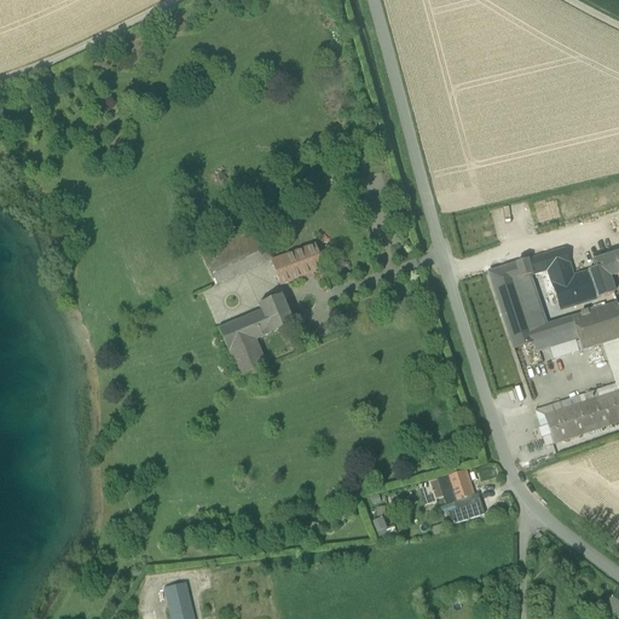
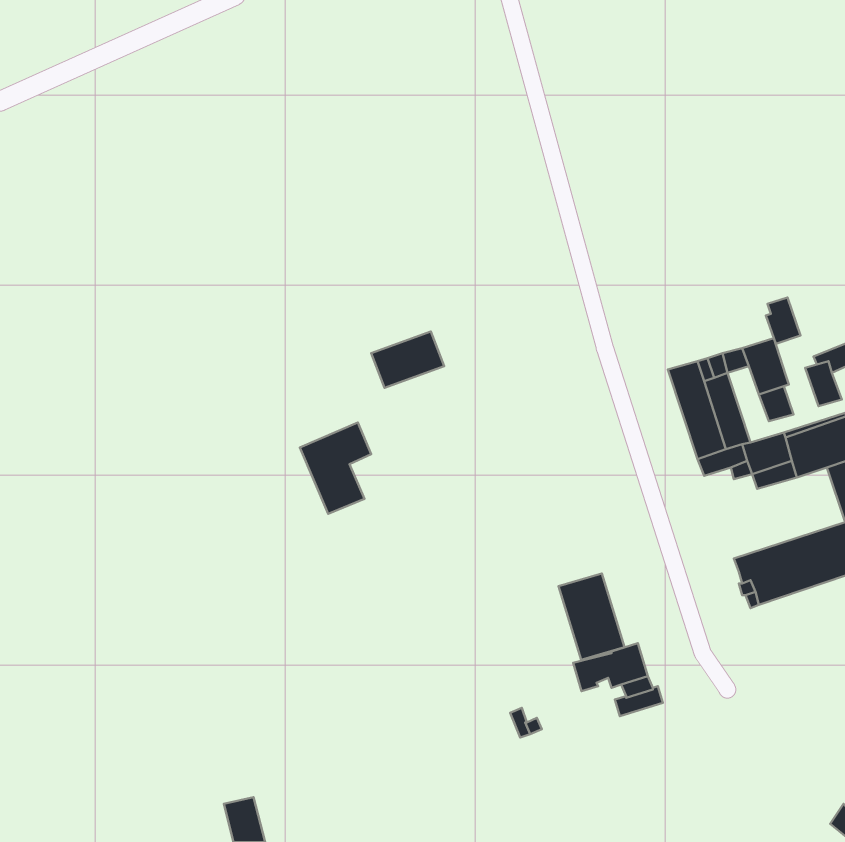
building: [202,226,272,282] -> none
building: [573,268,598,302] -> [766,297,801,344]
building: [260,294,294,331] -> none
building: none -> [559,574,624,660]

